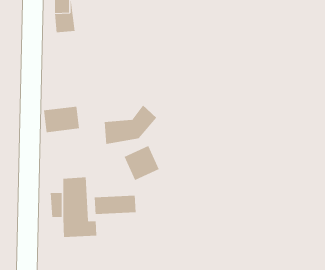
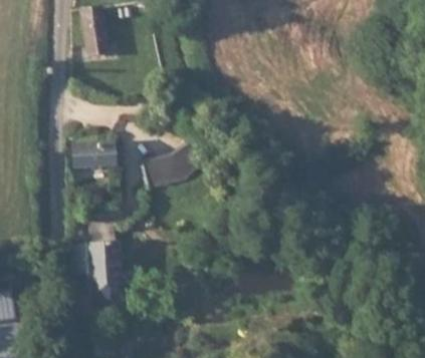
building: [124,145,159,181] -> none
building: [94,195,136,215] -> none

